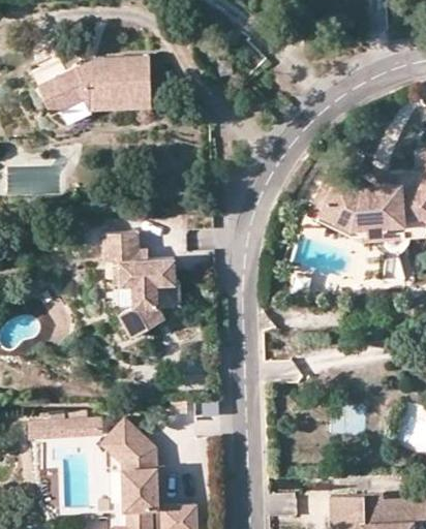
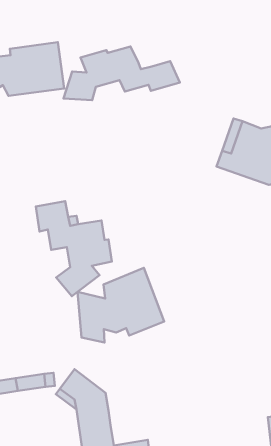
building: none -> [64,46,180,100]
building: none -> [78,268,164,343]

